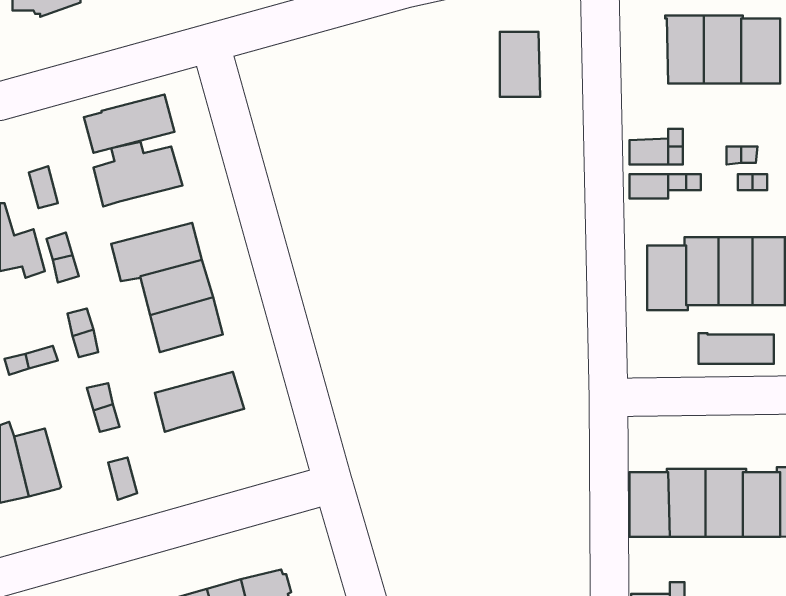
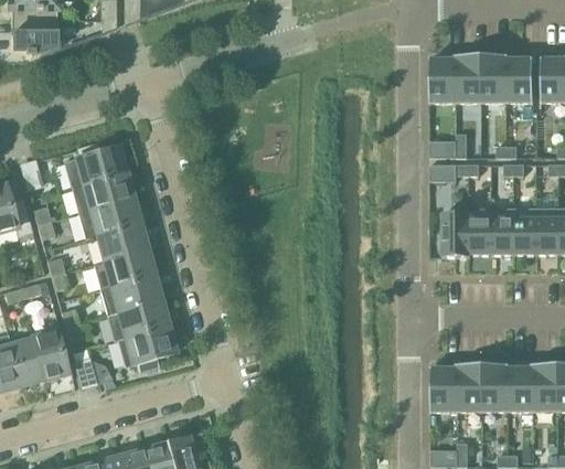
building: [500,32,540,97] -> [430,58,458,103]
building: [84,95,174,153] -> [72,172,134,212]
building: [698,333,774,364] -> none
building: none -> [102,274,161,313]
building: none -> [126,324,175,370]
building: none -> [32,330,68,380]

